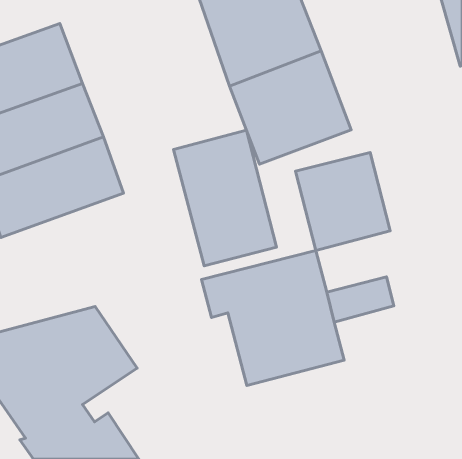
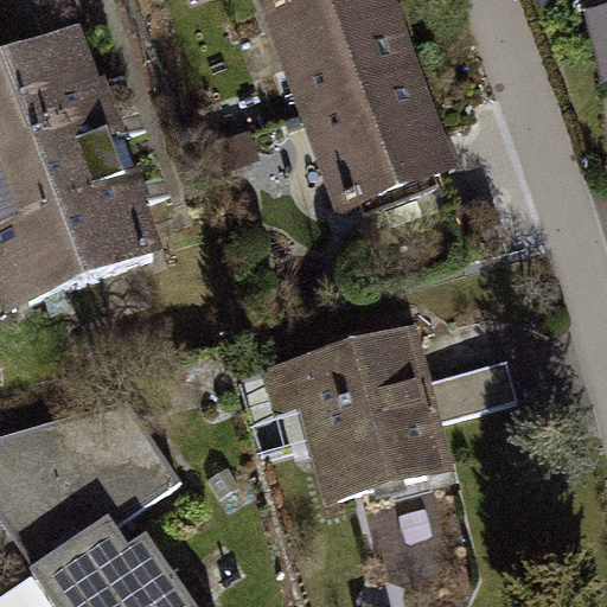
building: [173,130,277,266] -> none
building: [295,152,390,250] -> none

